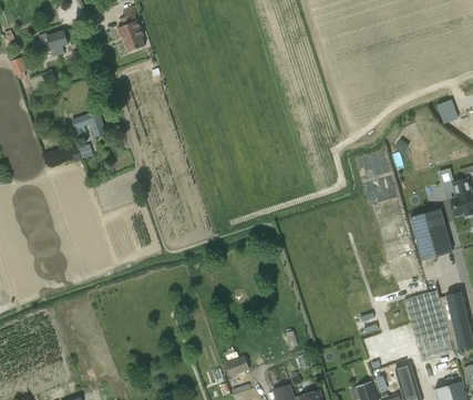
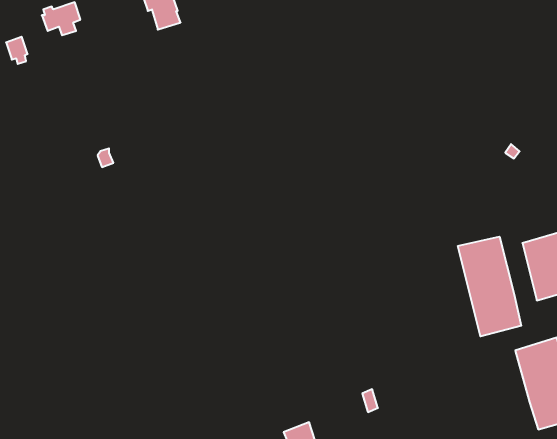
building: [72,110,105,136] -> none
building: none -> [458,237,521,336]

